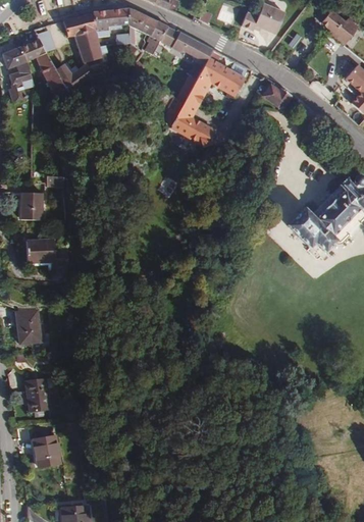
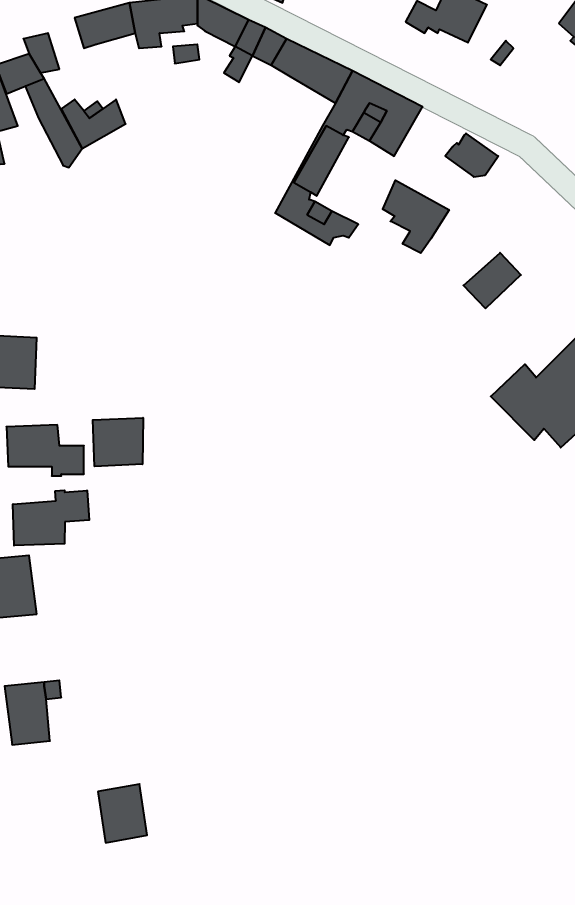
building: [73,29,106,62] -> none
building: none -> [383,180,449,253]
building: none -> [463,253,521,308]
building: none -> [93,418,143,466]
building: none -> [13,490,89,546]
building: [33,435,59,467] -> [98,784,147,843]

